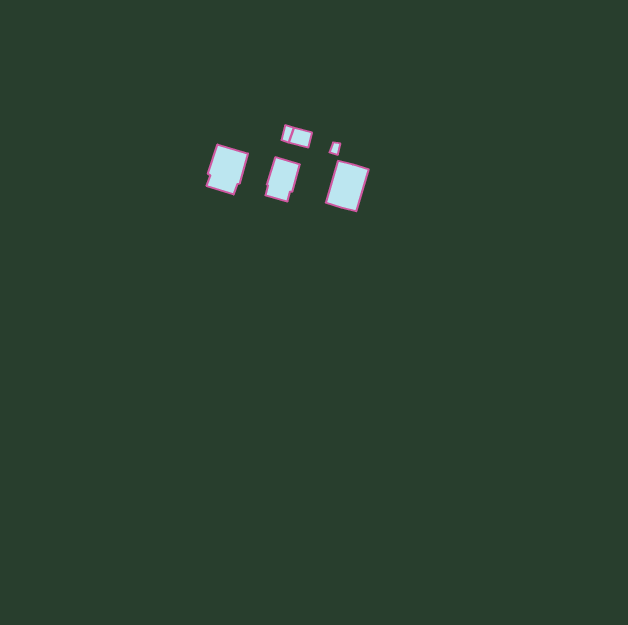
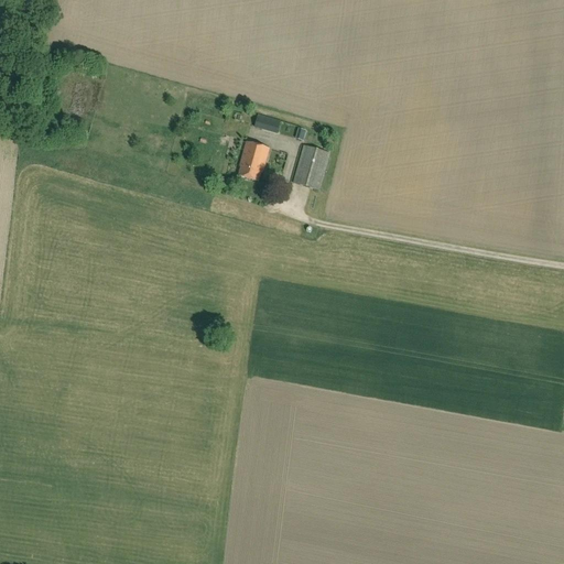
building: [207,144,248,195] -> none

